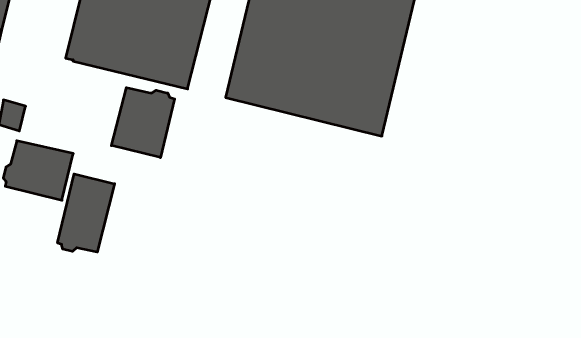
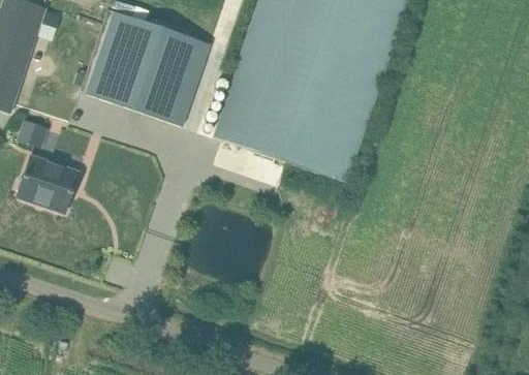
building: [111,88,175,158] -> none
building: [58,174,115,252] -> none

